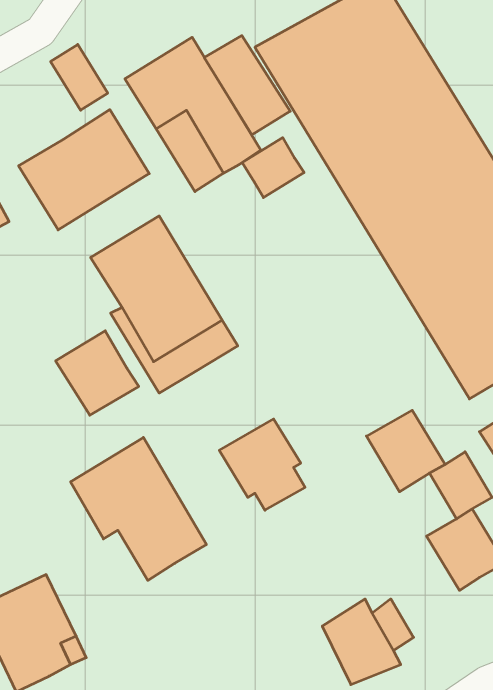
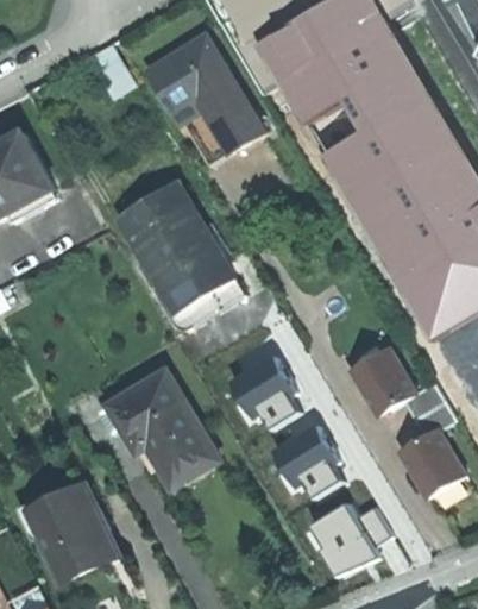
building: [204,36,290,135] -> none
building: [19,110,149,230] -> none
building: [242,138,304,198] -> none
building: [56,331,139,415] -> none
building: none -> [270,420,341,497]

